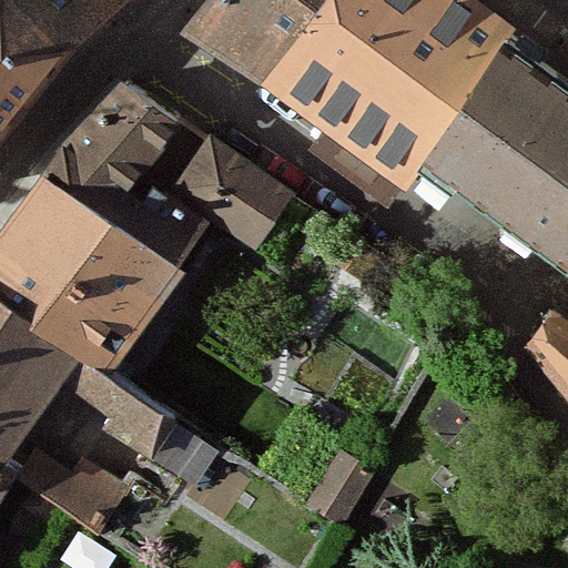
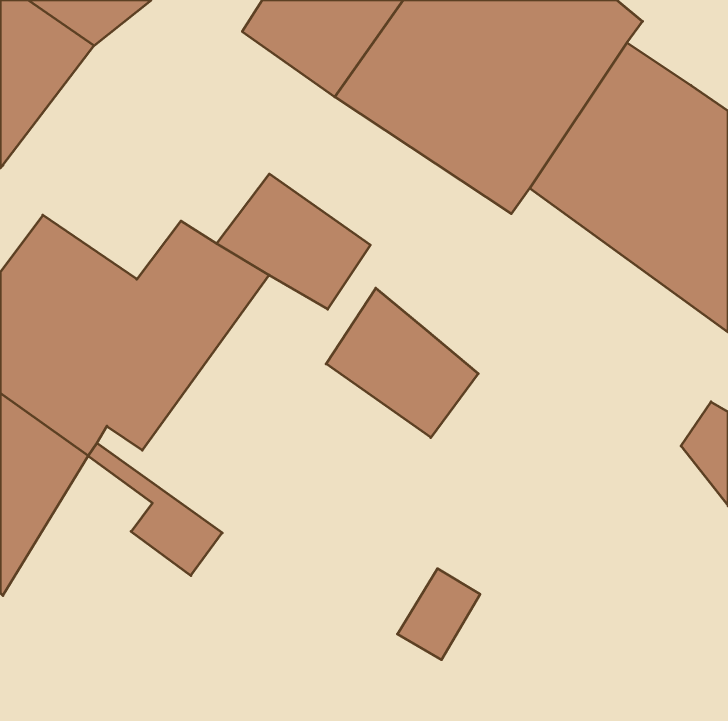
building: [33,77,183,223] -> none
building: none -> [326,288,478,438]
building: [18,442,126,529] -> none

